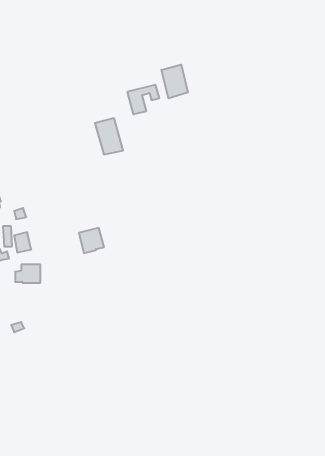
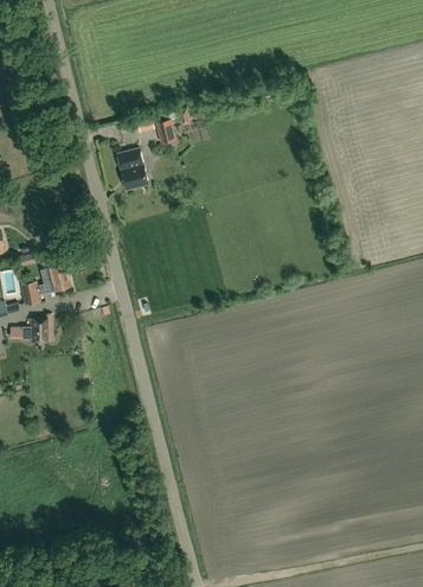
building: [161,65,188,98] -> none
building: [79,228,104,253] -> [40,263,70,293]

